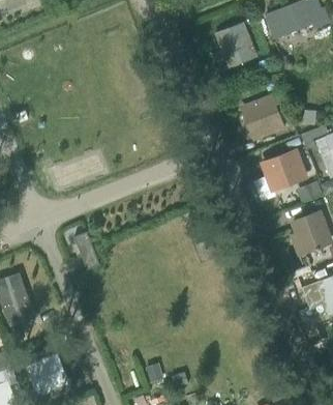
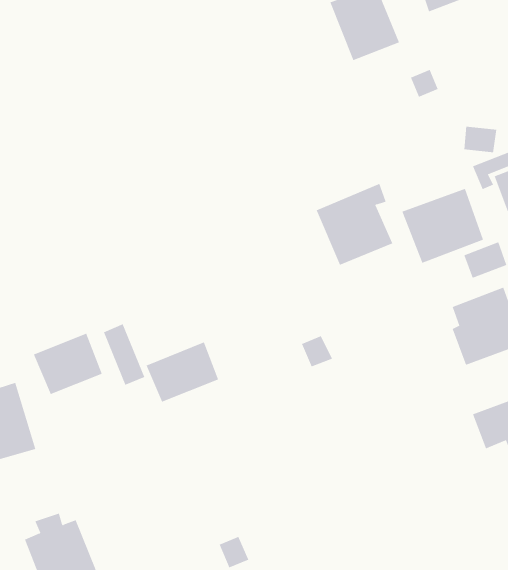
building: [238,91,285,142] -> [316,183,393,265]
building: none -> [33,333,102,395]
building: none -> [146,342,219,403]

